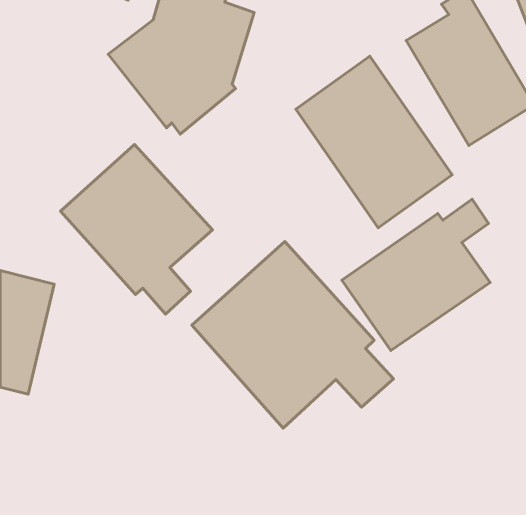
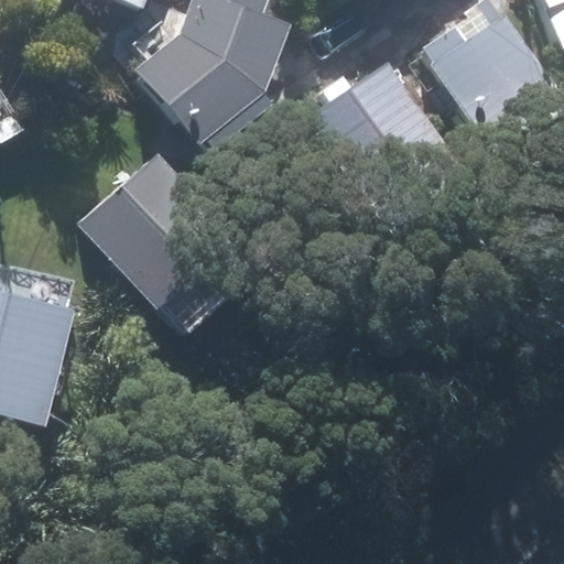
building: [342,199,490,351] -> none
building: [192,241,394,428] -> none

